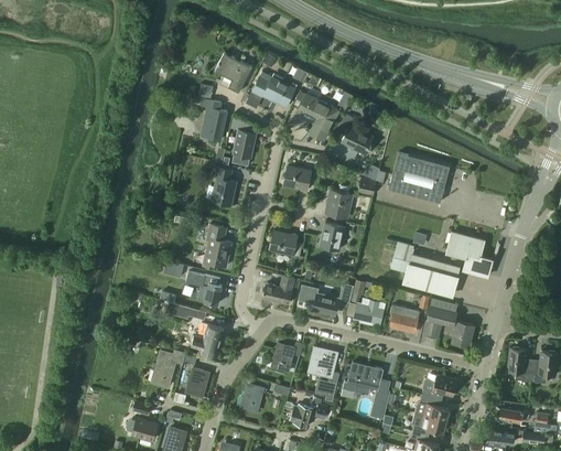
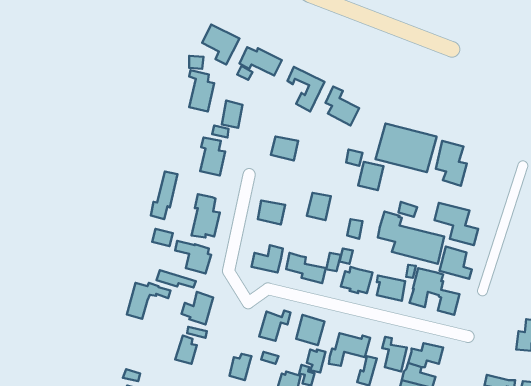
building: none -> [436,141,467,186]
building: [326,190,352,218] -> [358,162,383,190]
building: none -> [151,171,177,219]
building: none -> [440,247,472,279]
building: [508,347,533,382] -> none
building: [153,350,197,386] -> [127,283,170,319]
building: none -> [382,337,407,372]

